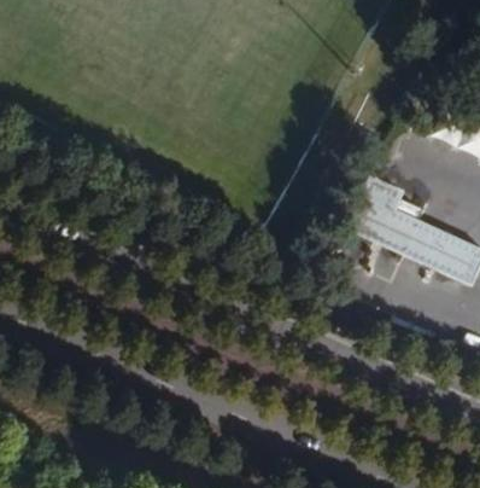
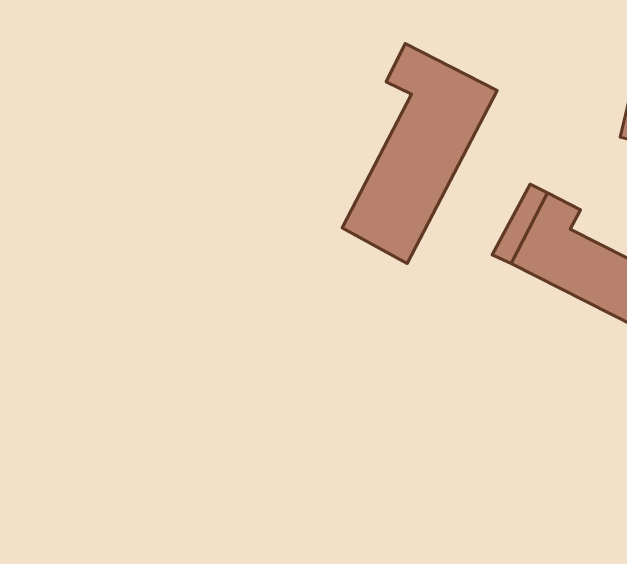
building: none -> [342,43,497,264]

